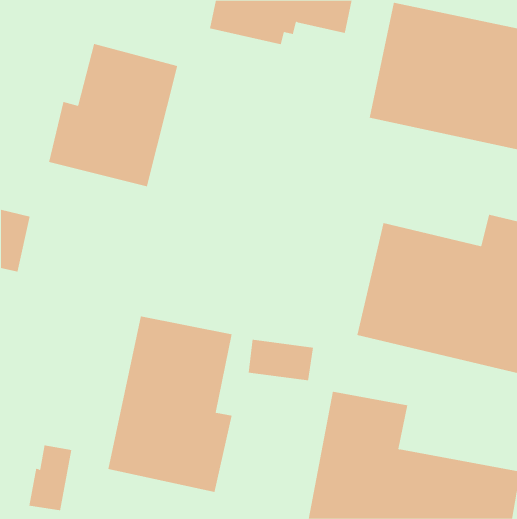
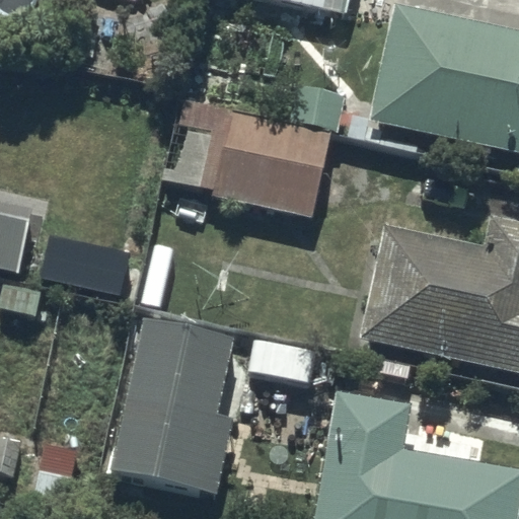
building: [48,43,178,187] -> none
building: none -> [201,84,342,240]

